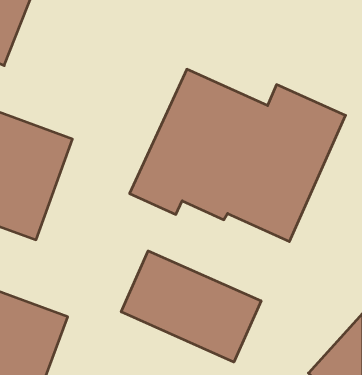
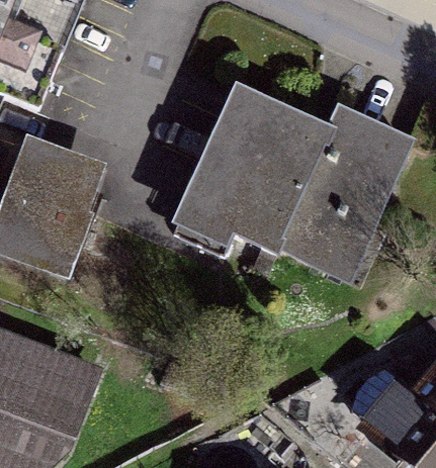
building: [121,251,261,362] -> none

